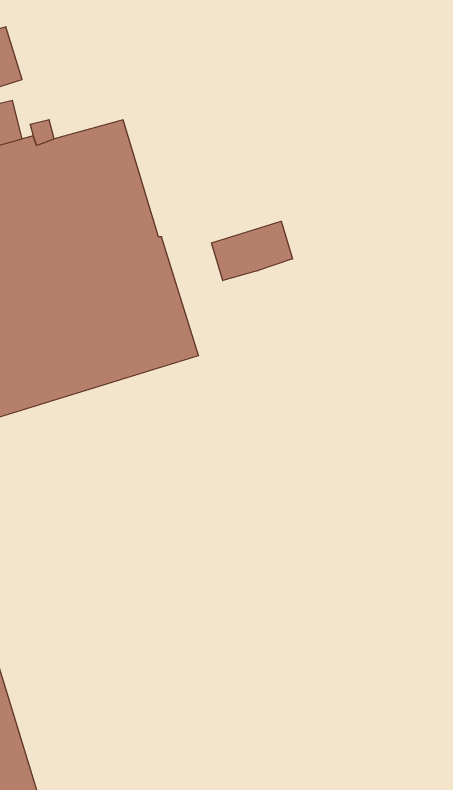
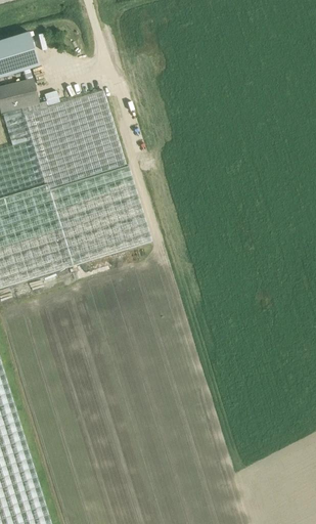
building: [211,221,293,281] -> none

